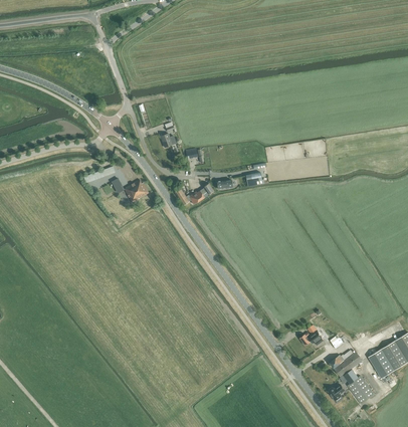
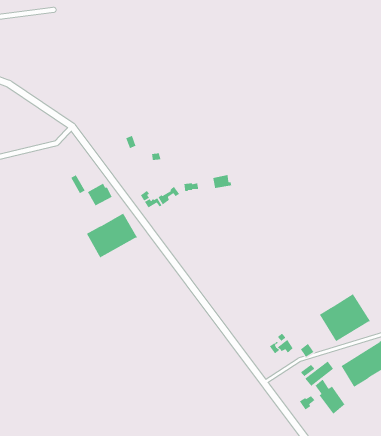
building: none -> [86,212,138,258]
building: none -> [319,293,371,342]

